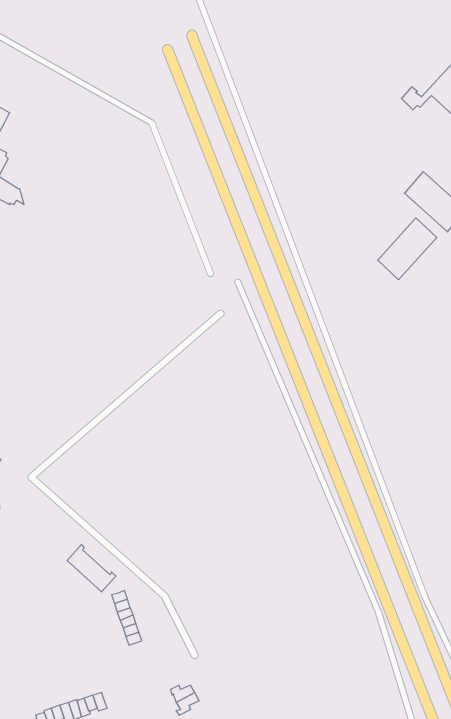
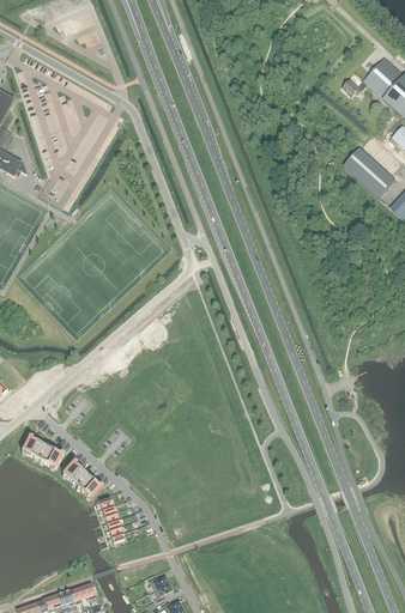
building: [378,218,437,280] -> none
building: none -> [22,433,64,467]

